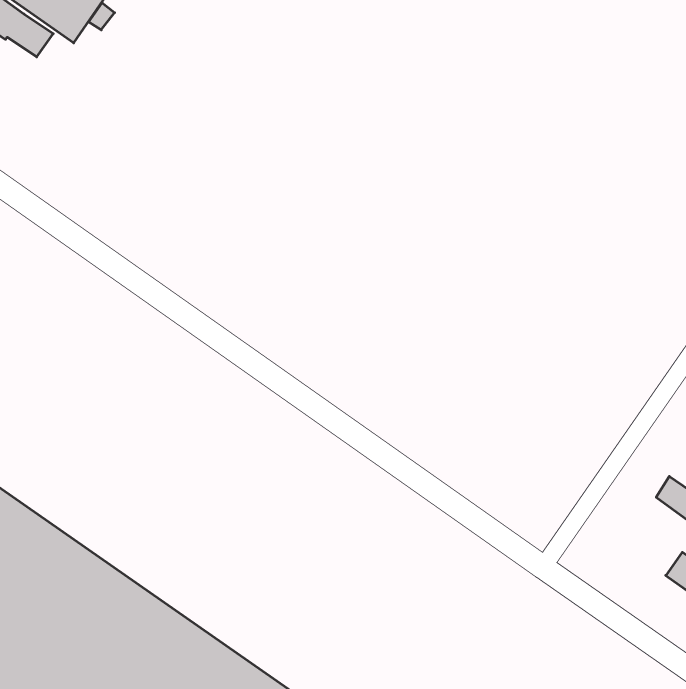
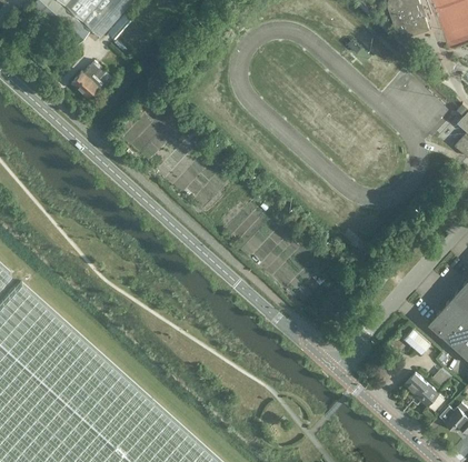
building: none -> [72,61,107,98]

